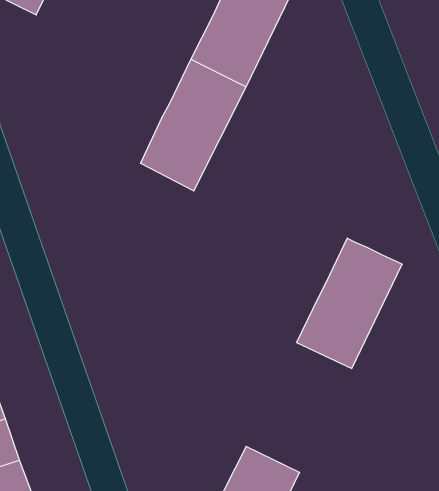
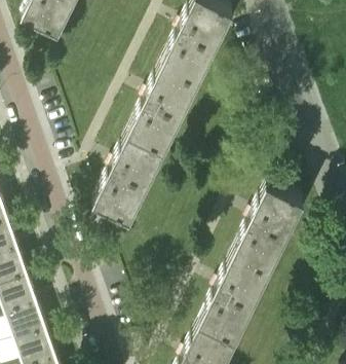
building: none -> [92,137,163,225]
building: none -> [198,257,269,344]

